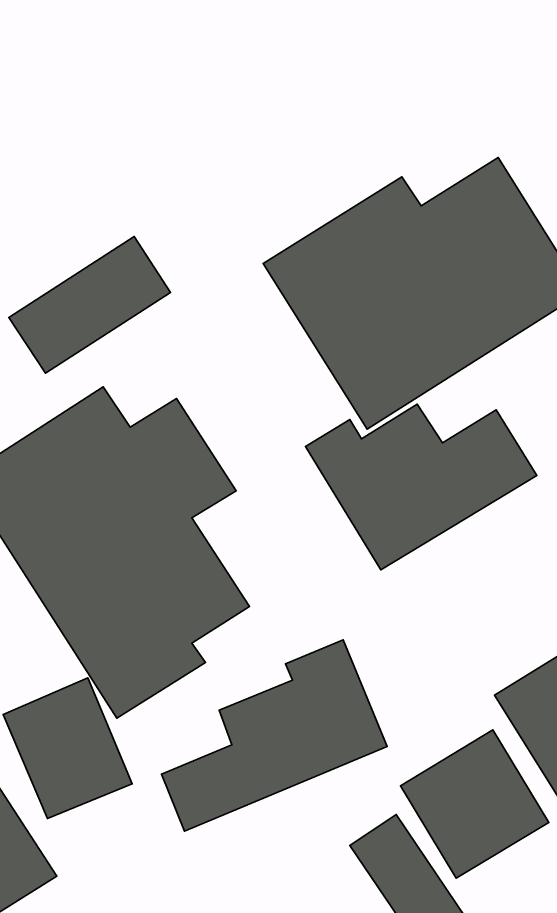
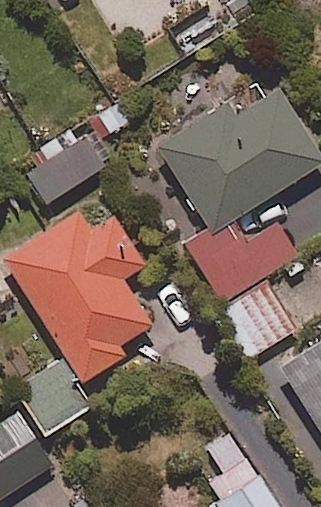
building: [162,640,387,831] -> none
building: [400,730,549,878] -> [219,280,296,357]

